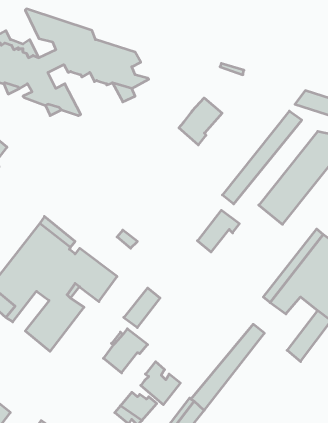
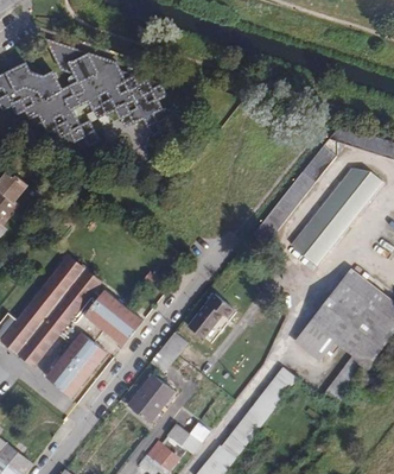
building: [179,98,222,145] -> none
building: [197,210,239,252] -> [189,292,233,336]

